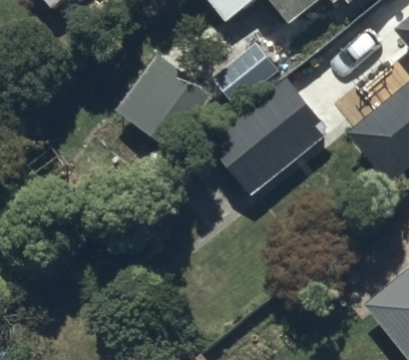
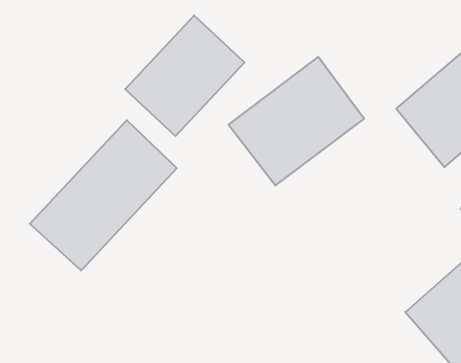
building: none -> [30,120,177,271]

